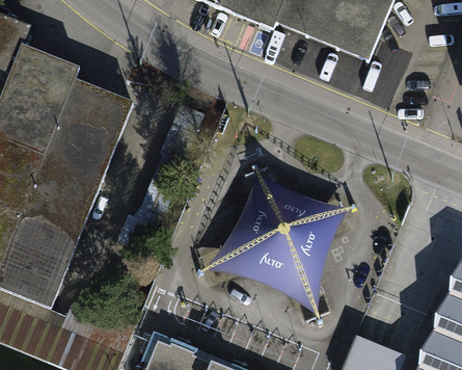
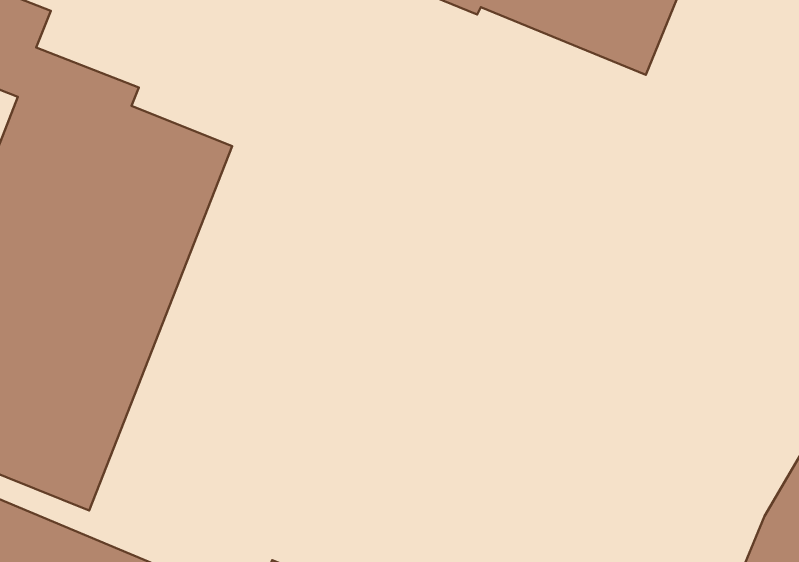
building: [202,162,358,316] -> none

